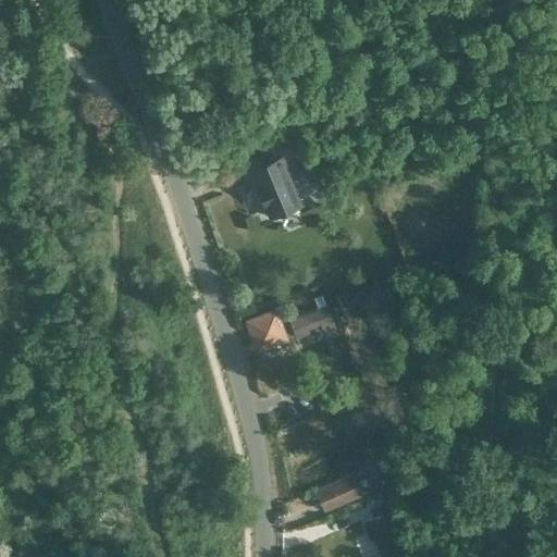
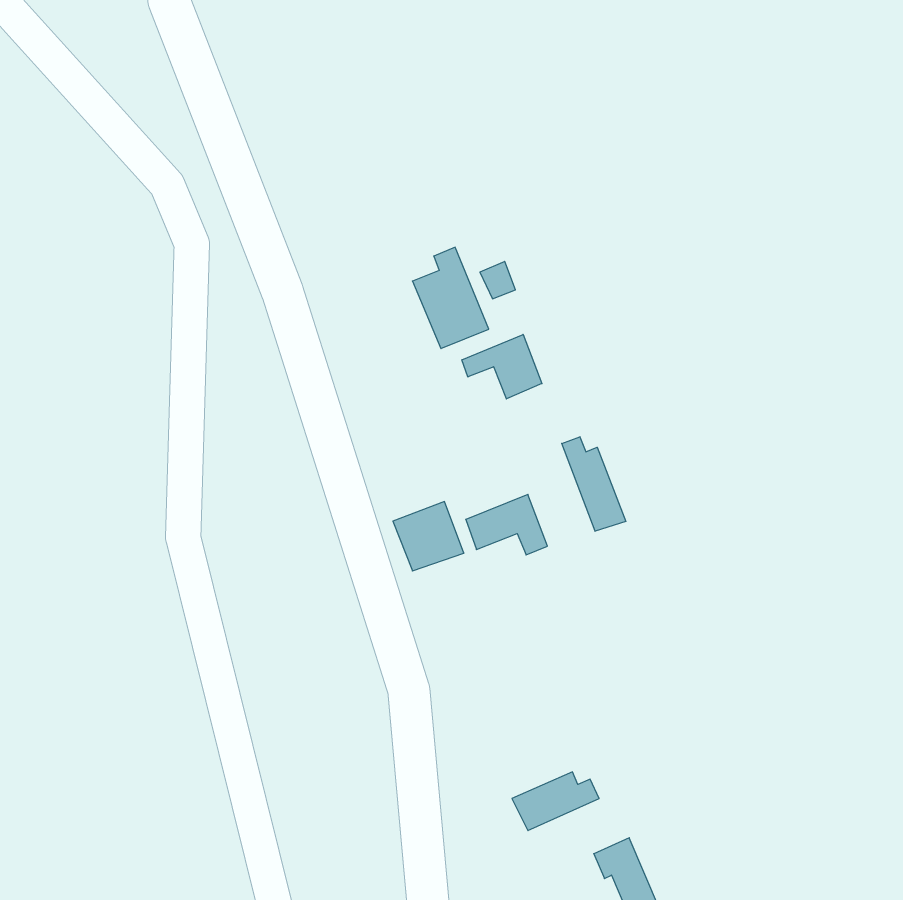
building: none -> [462,334,542,399]
building: none -> [562,437,626,531]

